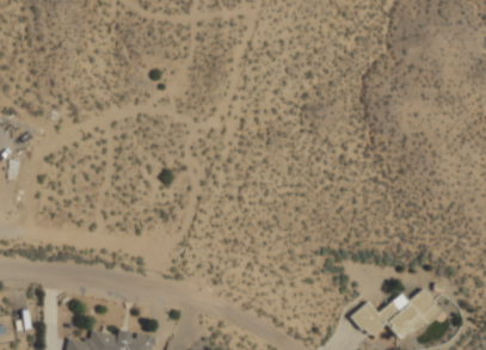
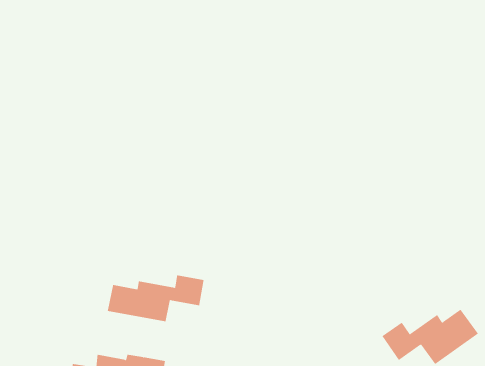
building: none -> [107,275,204,322]

